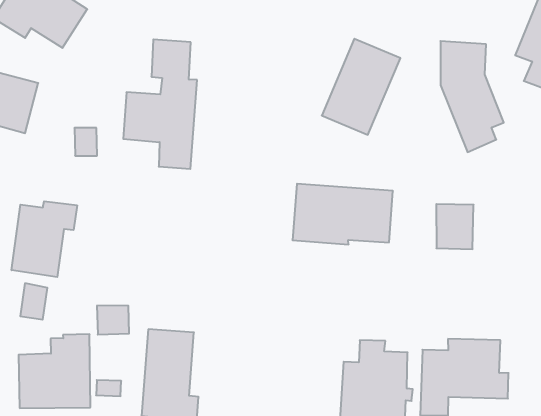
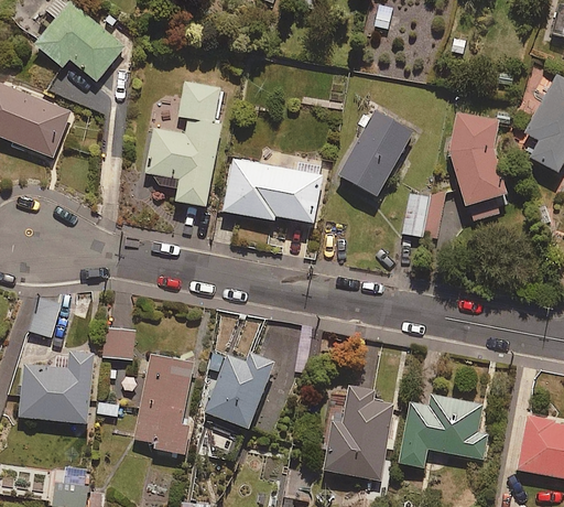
building: [292,184,393,244] -> [223,158,323,223]
building: [12,201,77,277] -> none
building: [436,204,474,249] -> [403,191,443,237]
building: none -> [203,350,274,430]

